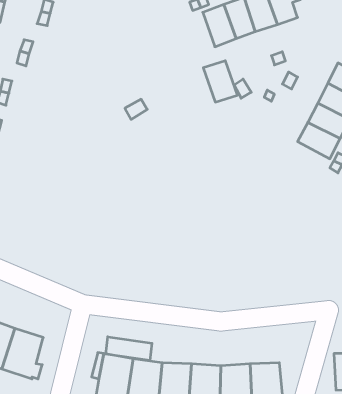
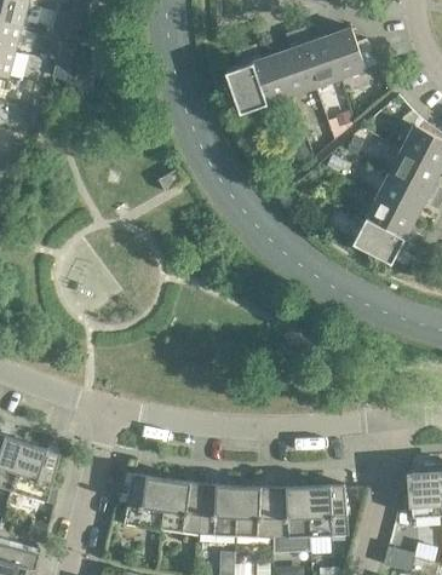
building: [203,61,238,102] -> [224,64,265,114]
building: none -> [351,219,403,264]
building: [106,337,152,360] -> none

